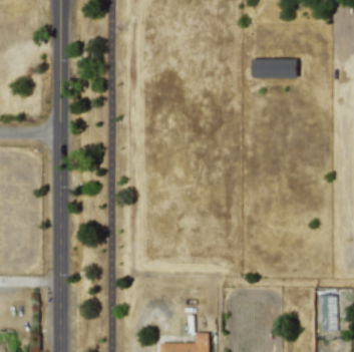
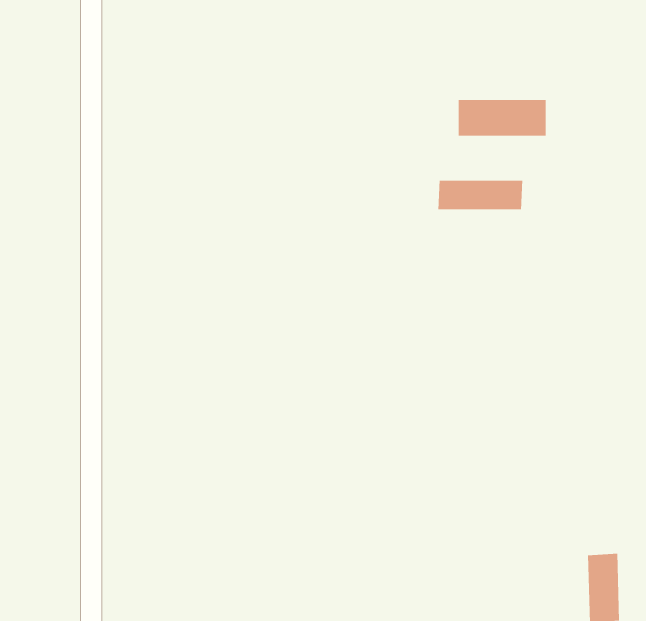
building: none -> [438,180,523,210]

